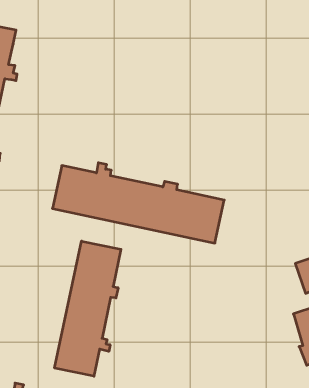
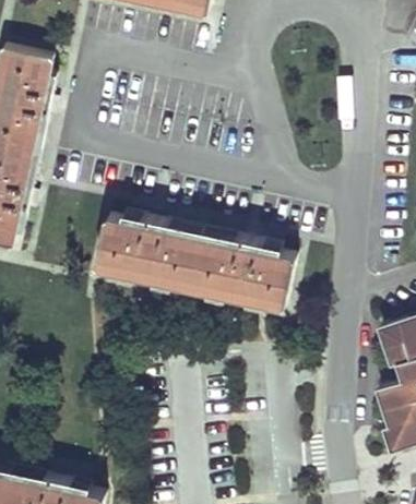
building: [55,241,121,376] -> none

